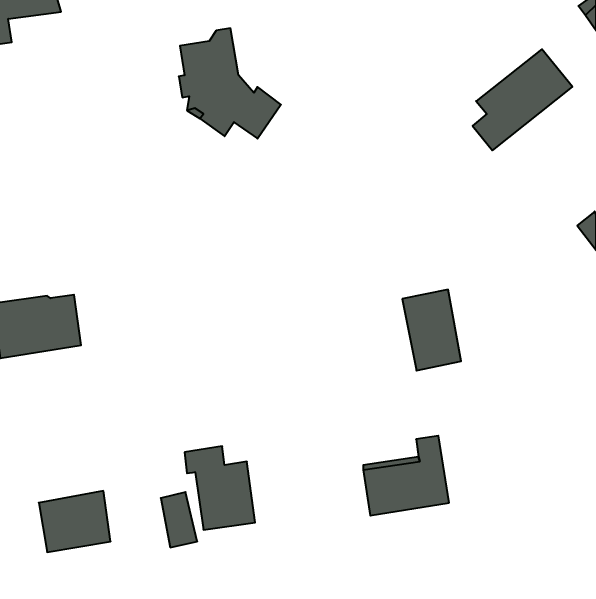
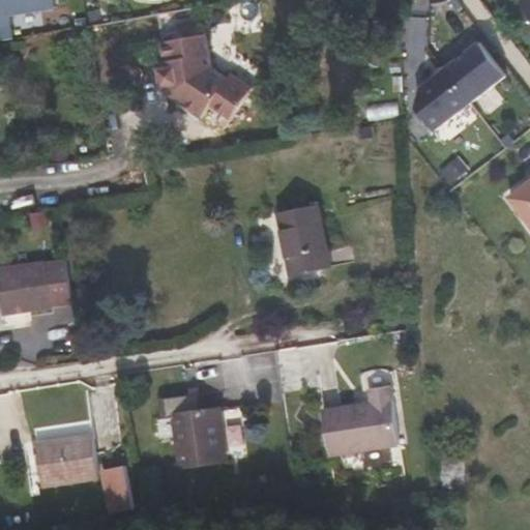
building: [402,290,461,371] -> [276,204,328,275]
building: [161,492,197,547] -> [101,464,134,512]

